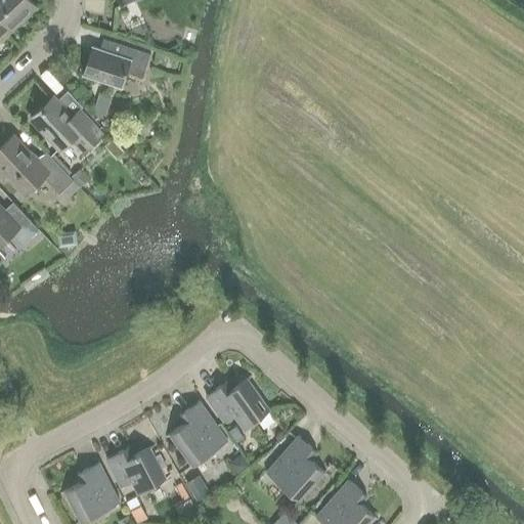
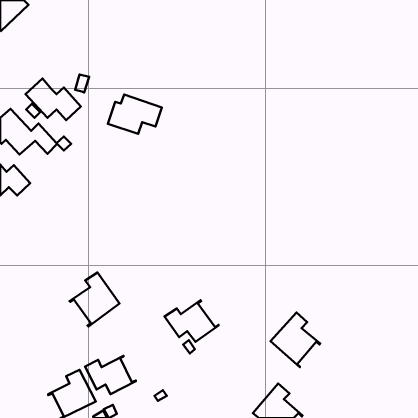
building: [83,38,150,87] -> [108,95,162,134]
building: [165,401,227,469] -> [70,272,119,326]
building: [266,436,329,505] -> [270,312,320,367]

